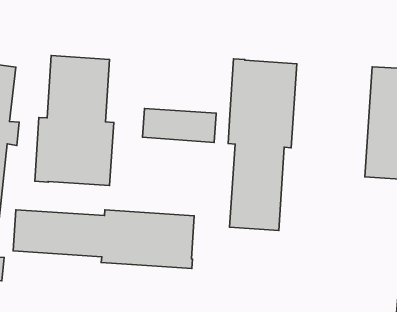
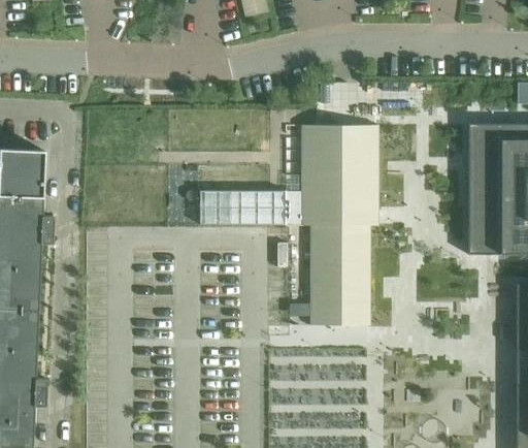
building: [35,56,114,185] -> none
building: [13,210,194,268] -> none

